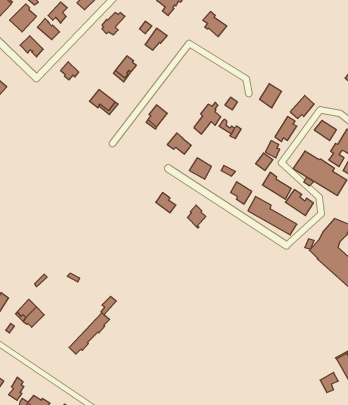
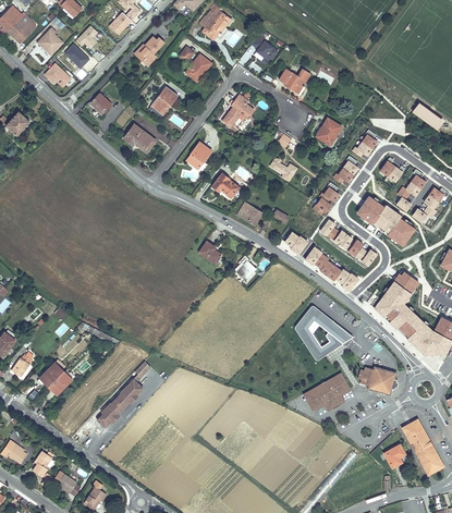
building: none -> [279,69,310,96]
building: [194,102,221,134] -> [222,91,253,127]
building: none -> [295,305,353,359]
building: none -> [362,368,401,393]
building: none -> [306,372,353,408]

